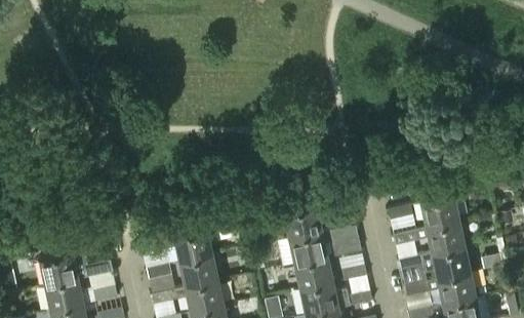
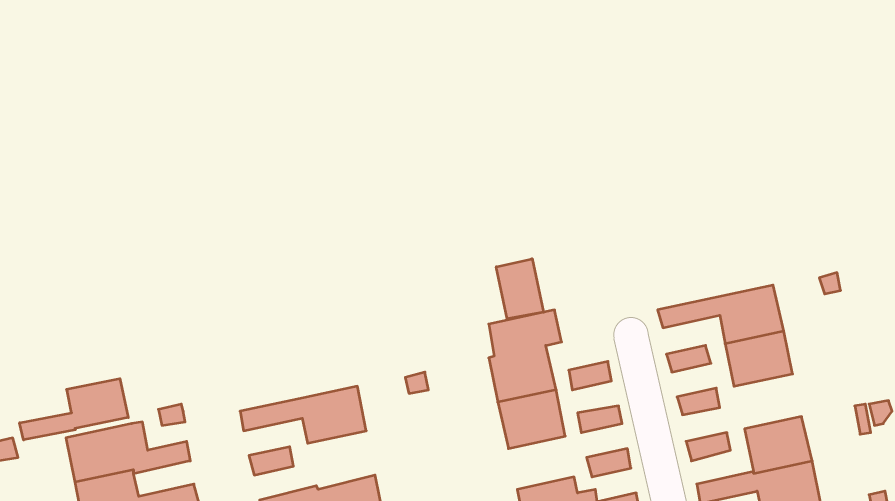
building: none -> [496,259,544,319]
building: [426,224,465,255] -> none
building: none -> [20,379,128,440]
building: [179,256,218,290] -> none
building: [295,260,333,290] -> none

